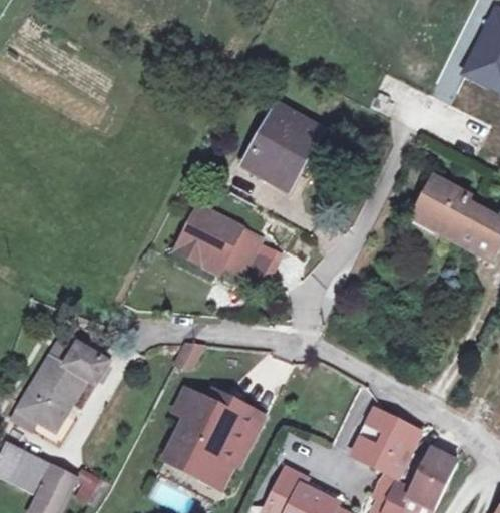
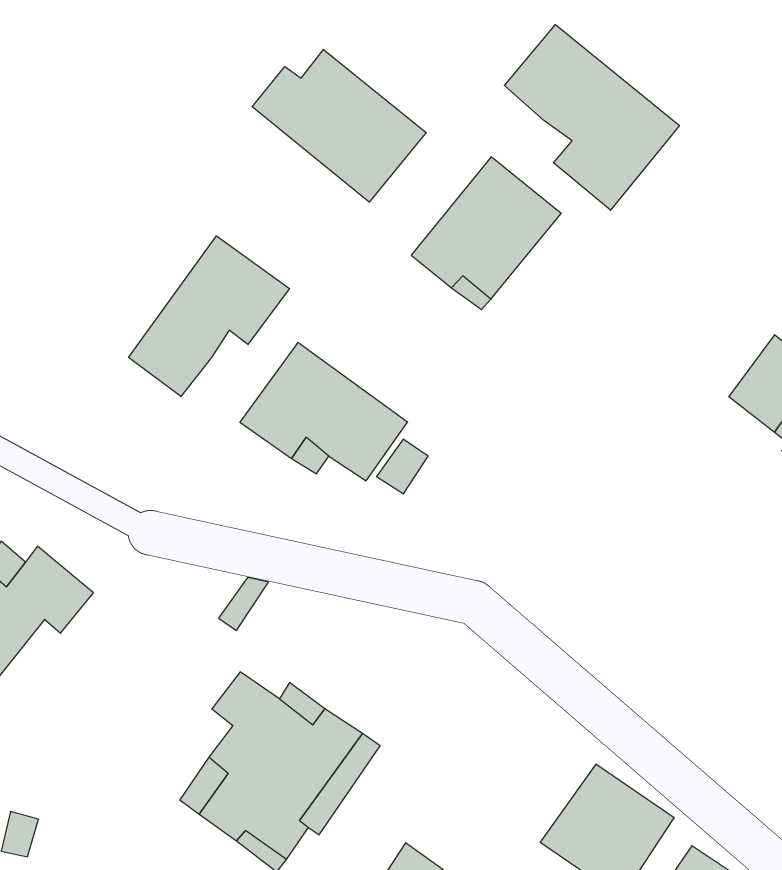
building: none -> [504,25,679,210]
building: none -> [252,49,426,202]
building: none -> [129,236,289,397]

